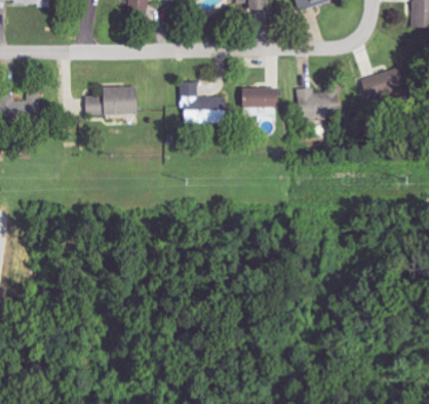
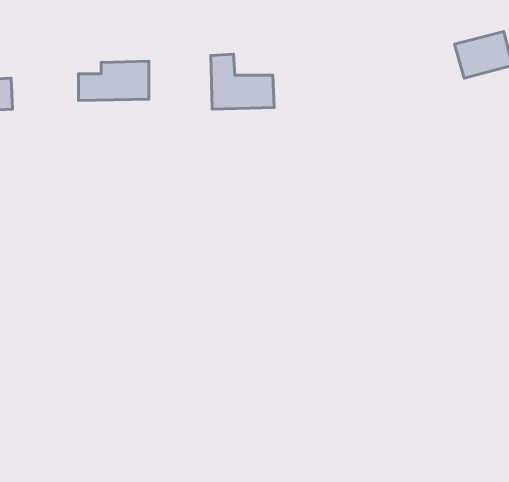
building: [241,87,277,107] -> none
building: [300,87,336,117] -> none

